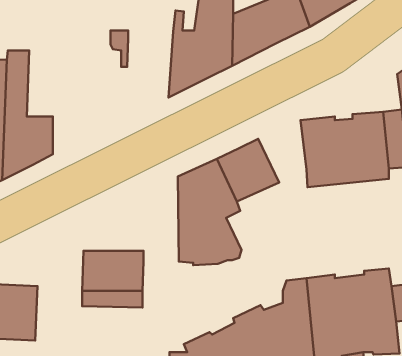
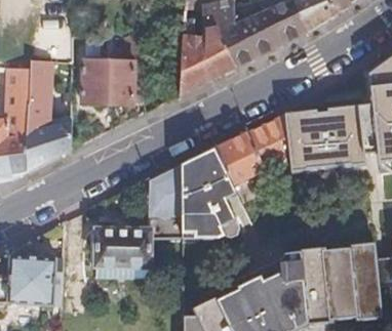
building: none -> [78,60,130,106]
building: none -> [254,112,297,167]
building: none -> [152,162,186,236]

